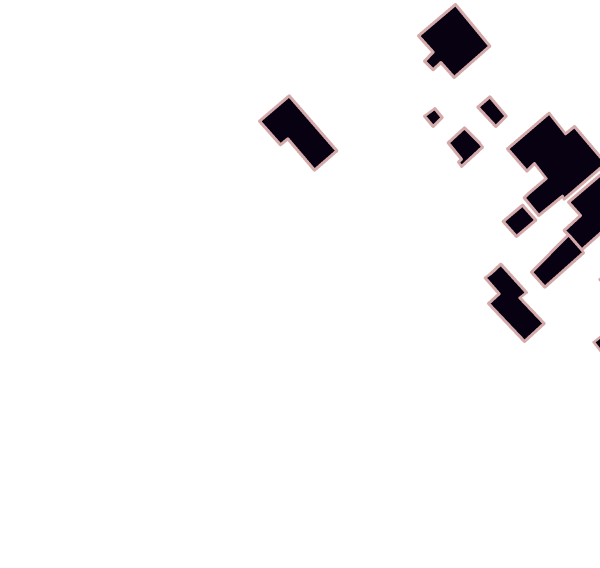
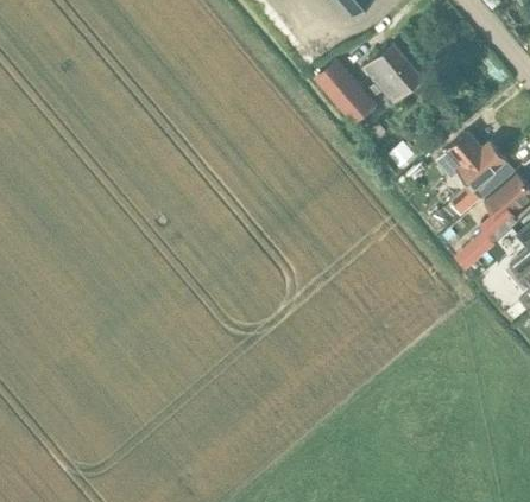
building: [260,96,337,170] -> [314,59,376,119]
building: [485,264,544,342] -> none

